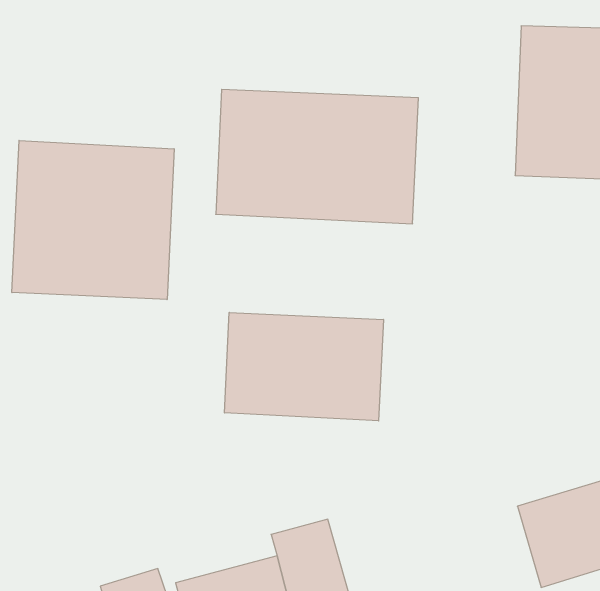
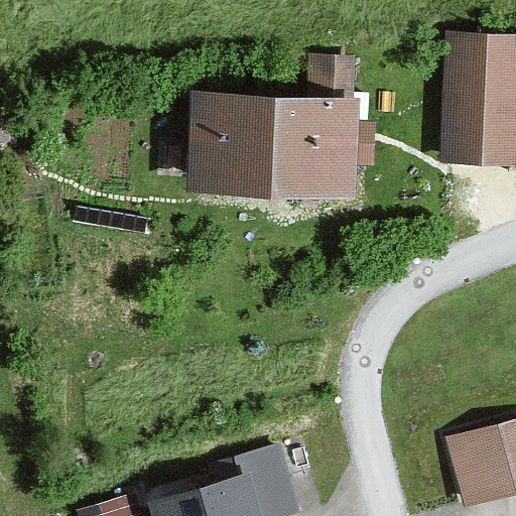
building: [12,140,174,300] -> none
building: [225,312,383,421] -> none

